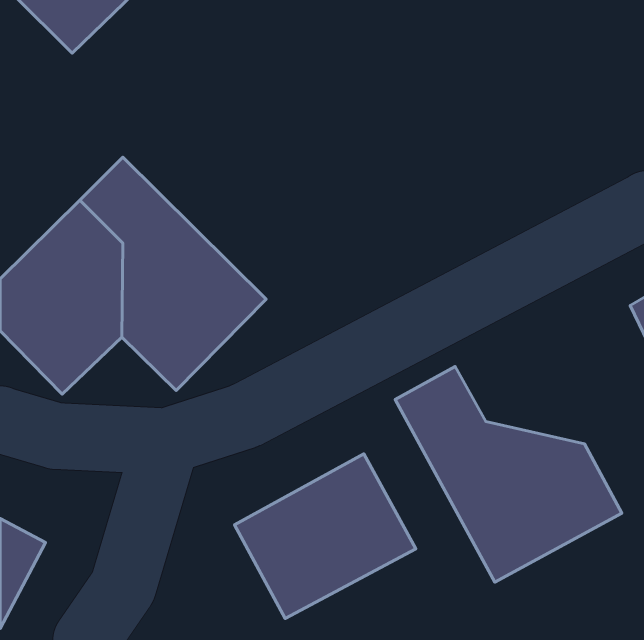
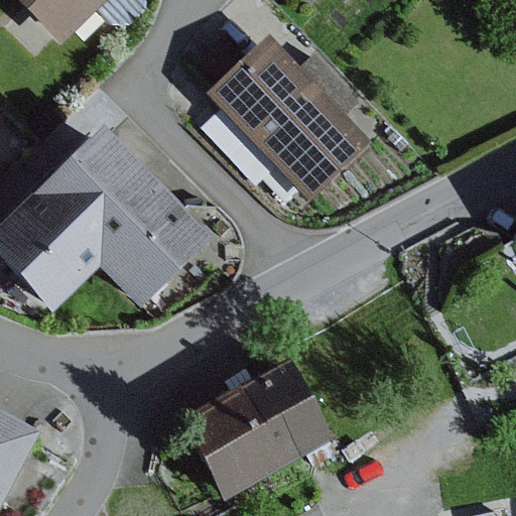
building: none -> [205,32,368,201]
building: [395,366,622,582] -> none

